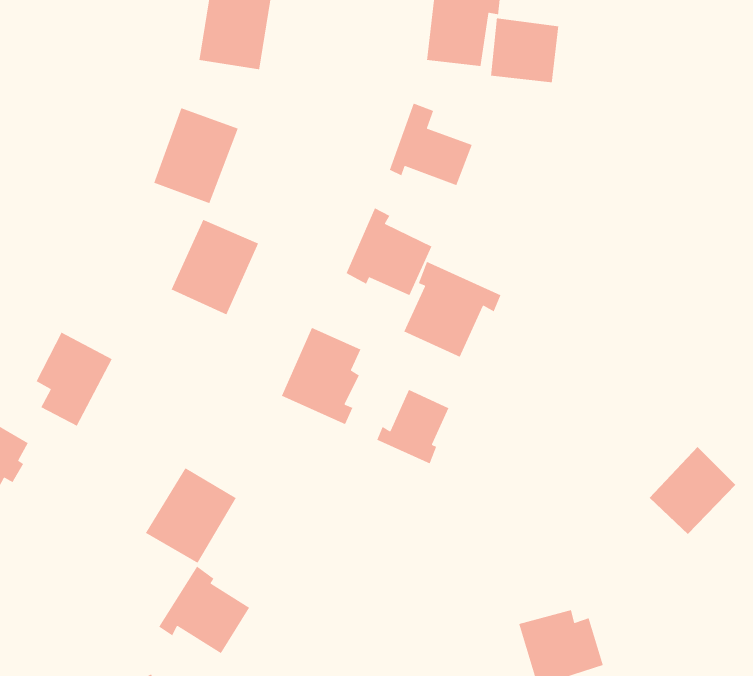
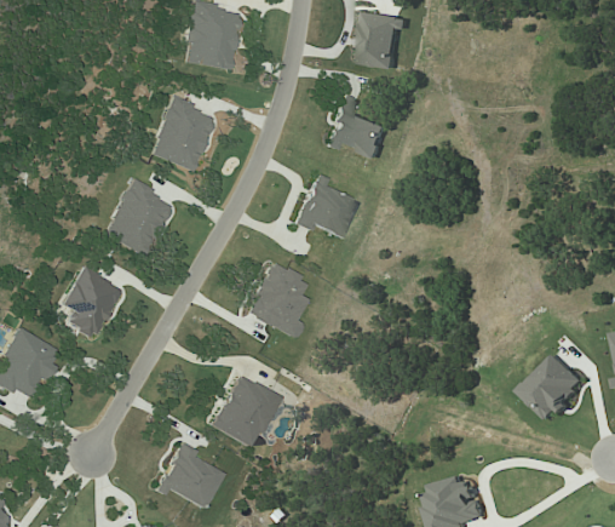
building: [490,18,559,83] -> none
building: [170,219,259,316] -> [107,182,173,254]
building: [403,261,502,358] -> none
building: [376,389,450,465] -> none
building: [145,467,237,564] -> [212,374,281,447]

